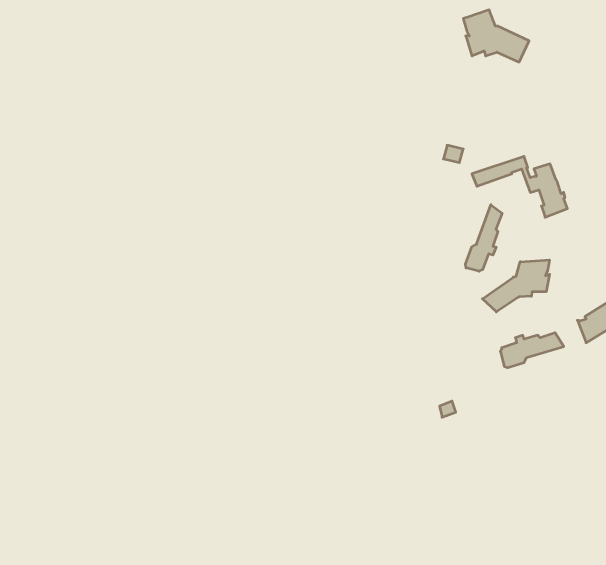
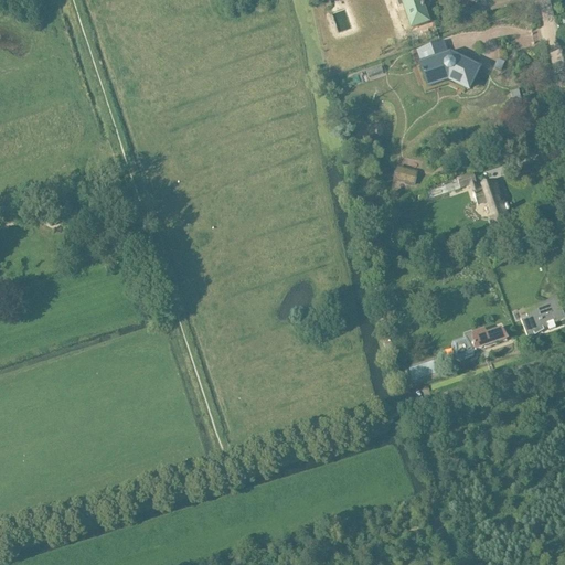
building: [465,205,502,271] -> none
building: [482,260,550,312] -> none

